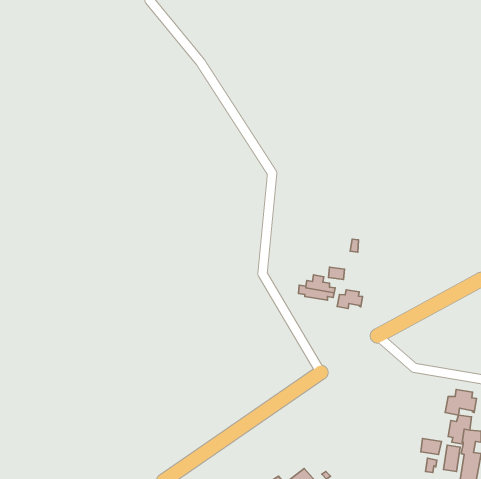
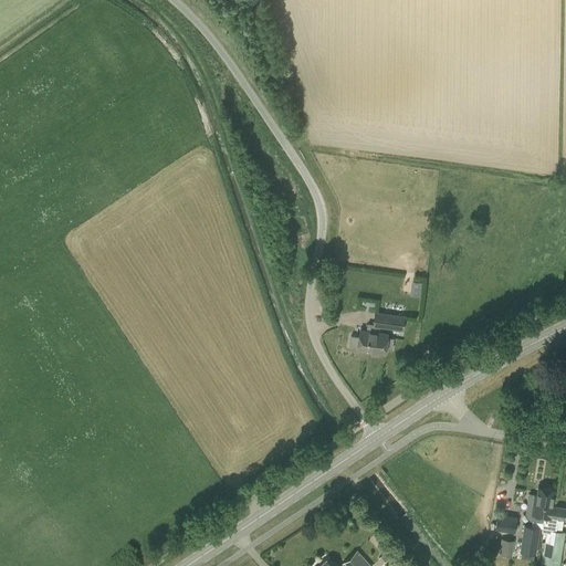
building: [337,290,363,308] -> none
building: [445,390,477,415] -> none

